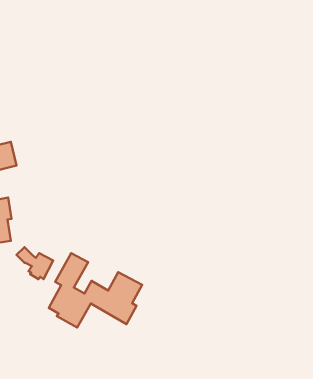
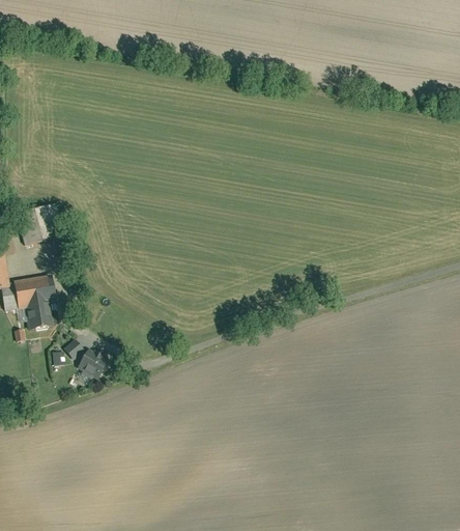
building: [49,253,142,327] -> none

